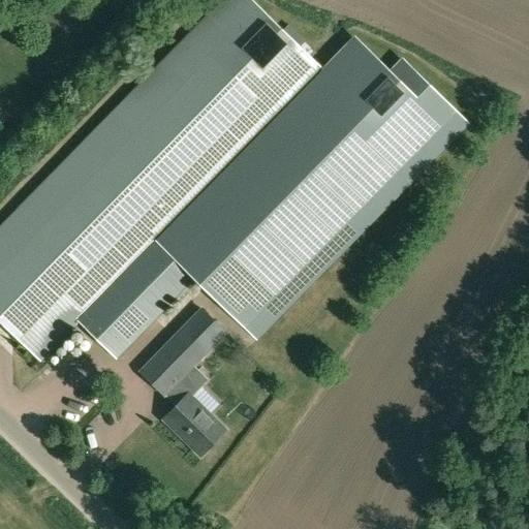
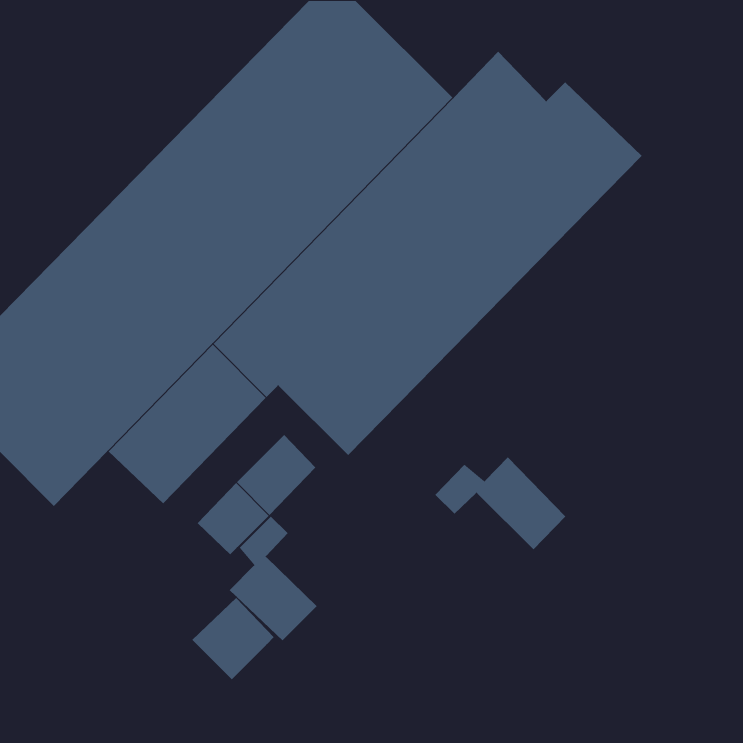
building: [247,112,467,336] -> none
building: none -> [434,456,566,550]
building: none -> [192,597,275,680]

